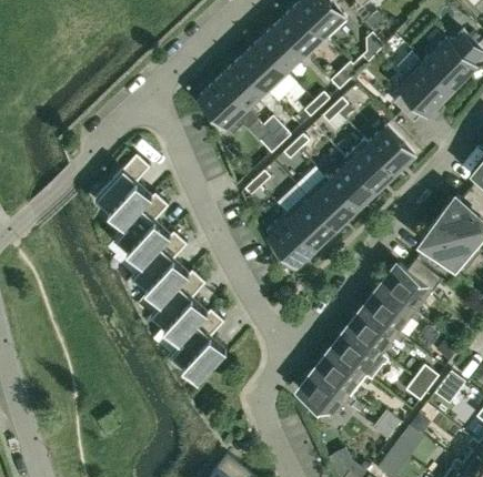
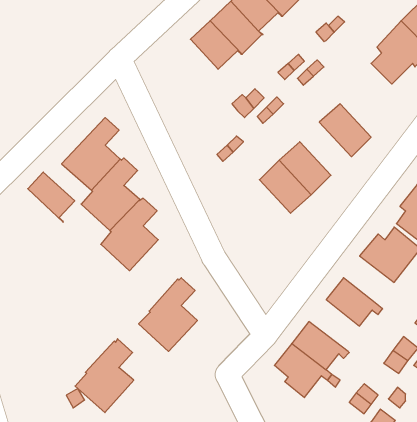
building: [199,79,245,126] -> none
building: [363,126,413,173] -> none
building: [324,159,374,210] -> none
building: none -> [28,172,75,222]
building: [265,214,315,265] -> none
building: [150,270,207,341] -> [75,339,134,413]
building: [366,287,421,334] -> none
building: [333,329,388,379] -> none

